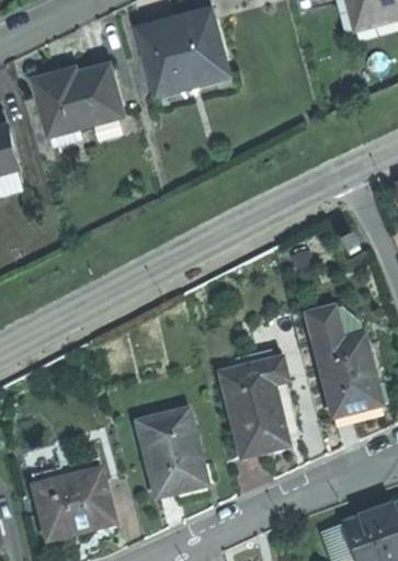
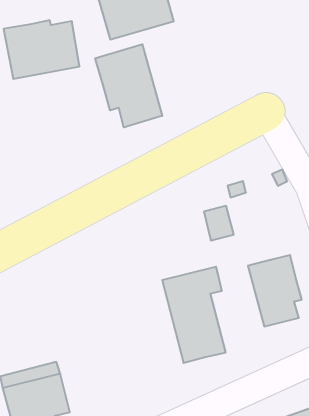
building: none -> [95,44,162,127]
building: [307,309,341,348] -> [204,206,234,240]
building: [137,411,201,497] -> none

